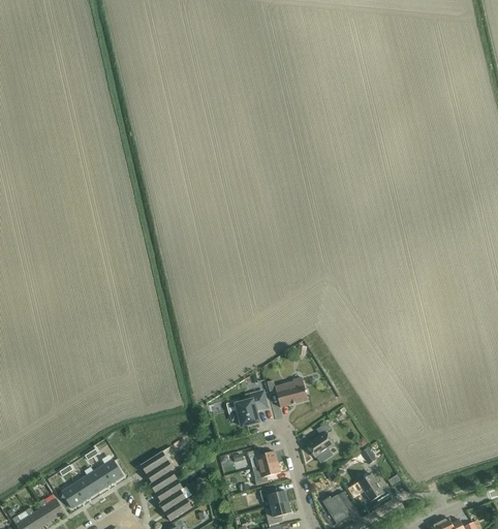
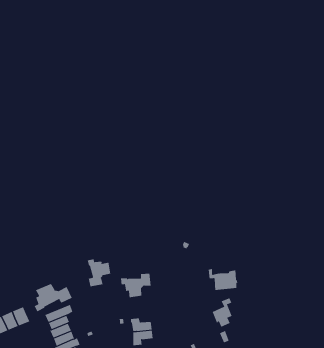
building: [268,377,308,407] -> [208,269,238,290]
building: none -> [87,259,111,287]
building: [307,423,334,462] -> [212,297,233,328]
building: none -> [34,283,73,312]

